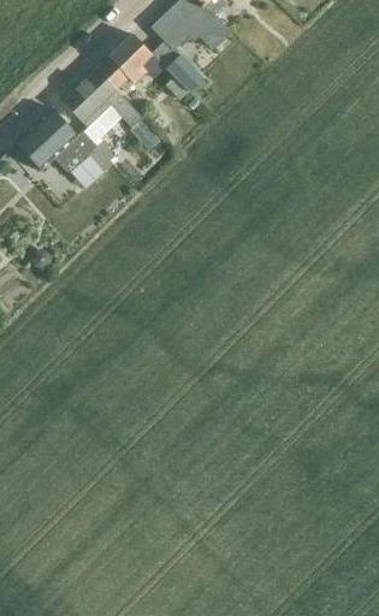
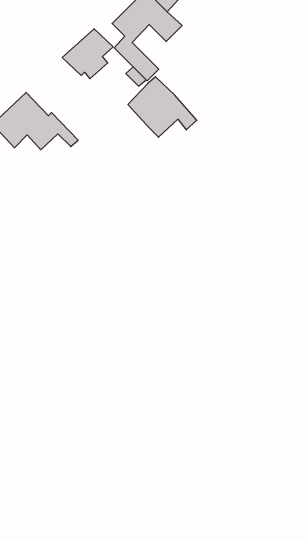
building: [63,67,141,136] -> [128,77,197,137]

